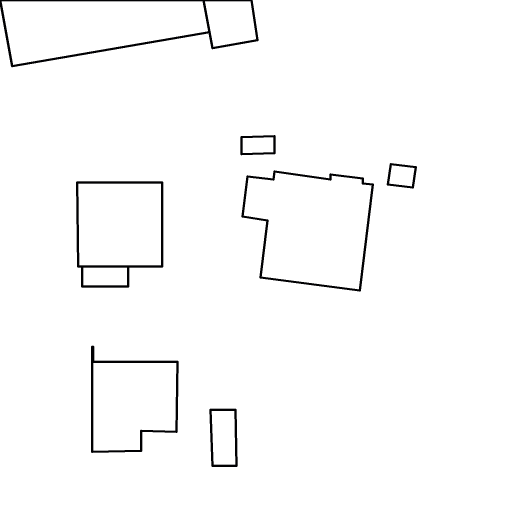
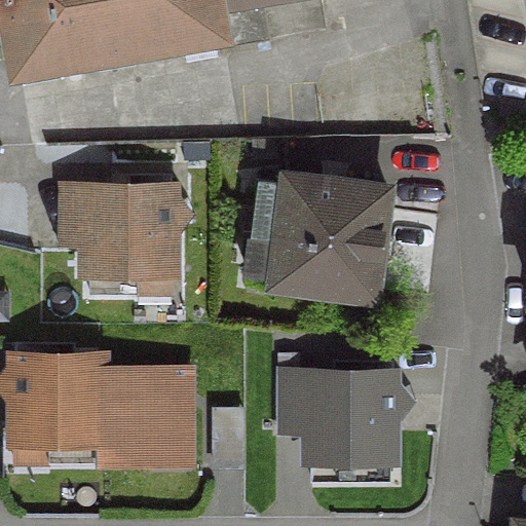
building: none -> [12,355,98,463]
building: none -> [305,373,391,481]

